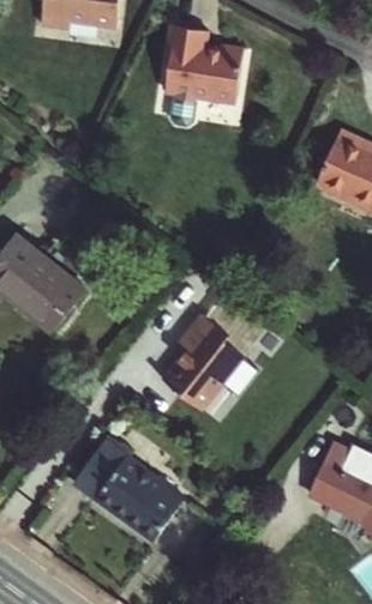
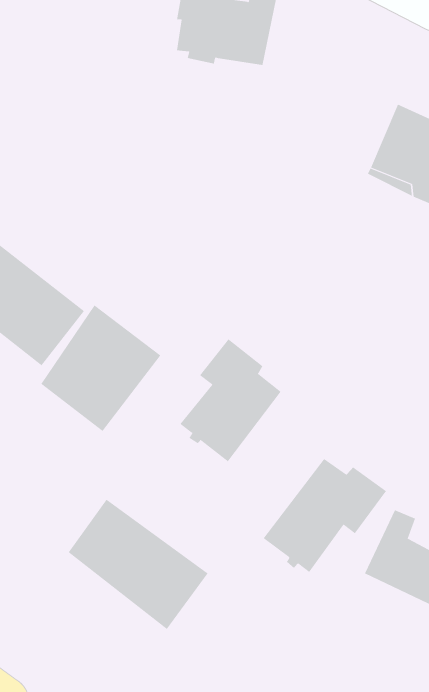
building: none -> [41,305,161,432]
building: none -> [263,458,387,573]

